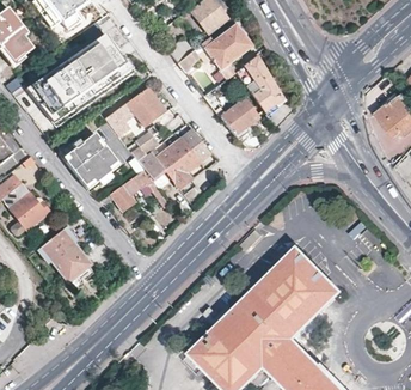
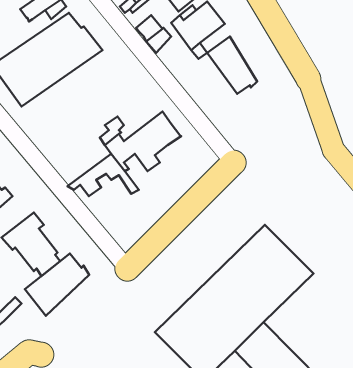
building: [106,87,167,135] -> none
building: [221,99,259,139] -> none
building: [65,135,122,191] -> none
building: none -> [25,254,89,316]

